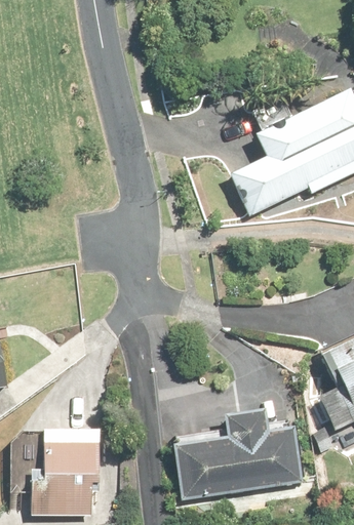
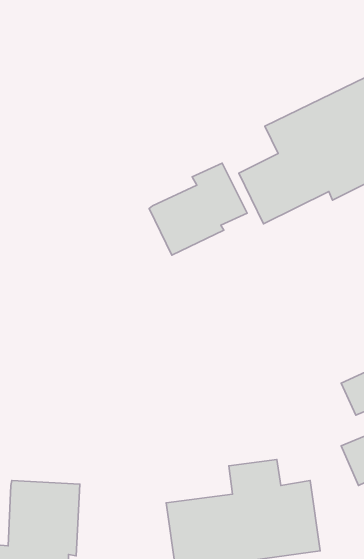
building: none -> [149,163,247,255]

